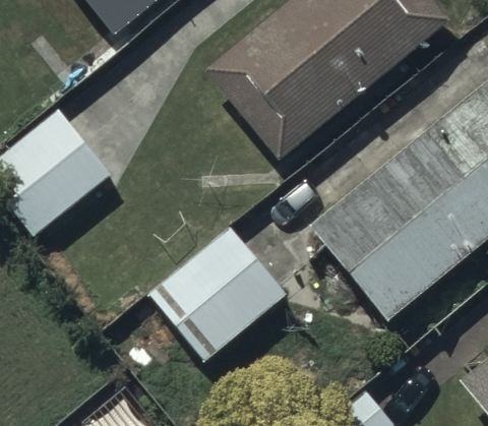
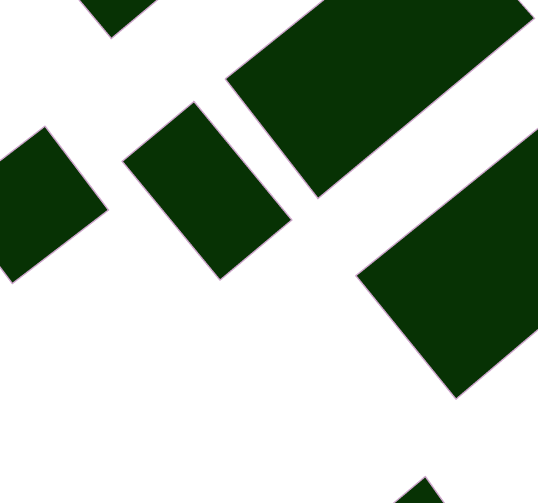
building: none -> [122,101,292,280]
building: [147,225,287,362] -> none

